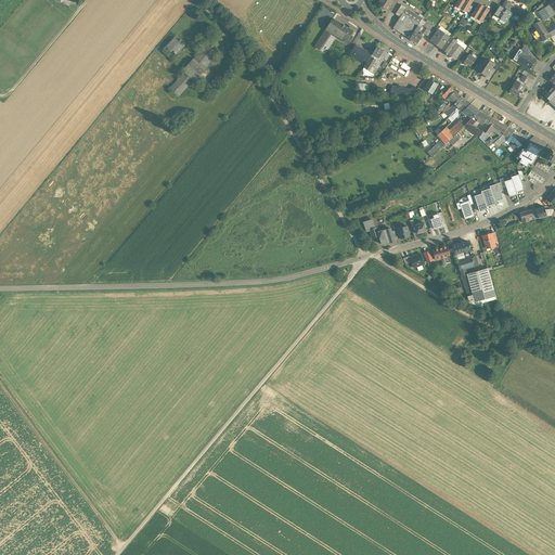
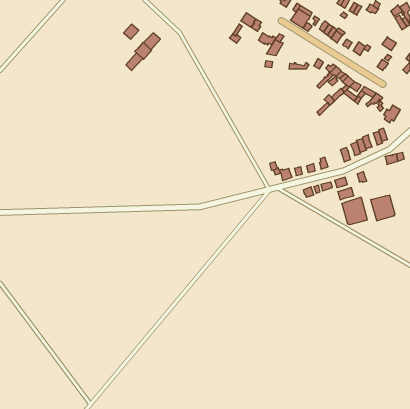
building: none -> [371,195,395,221]

